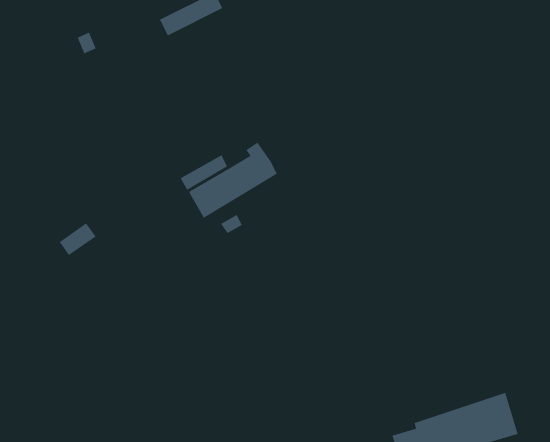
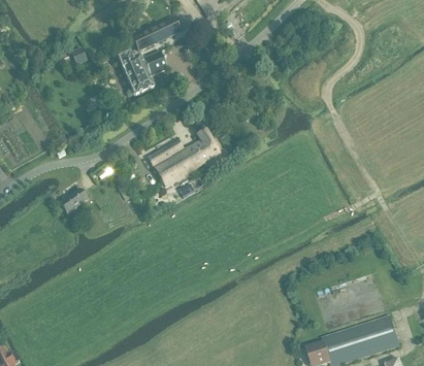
building: none -> [119,52,166,96]

